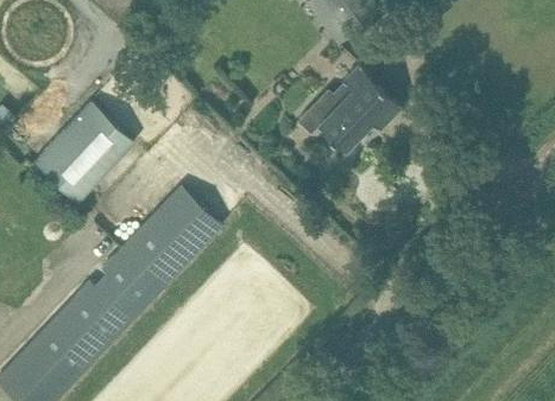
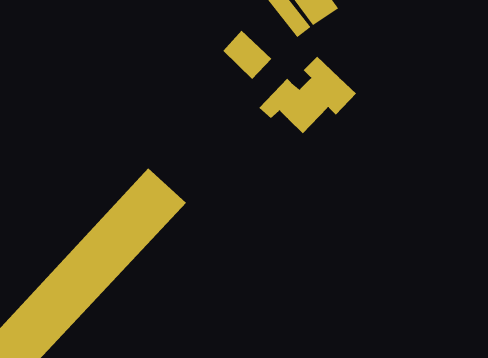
building: none -> [223,30,272,80]
building: [34,103,134,204] -> none

